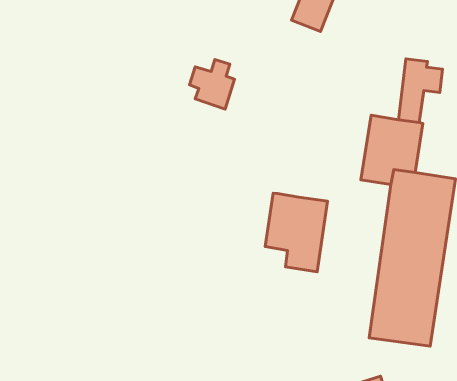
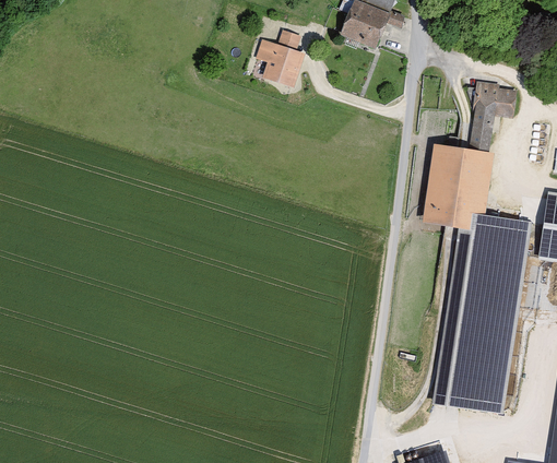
building: [190,59,235,109] -> [254,29,307,87]
building: [265,193,328,272] -> none

